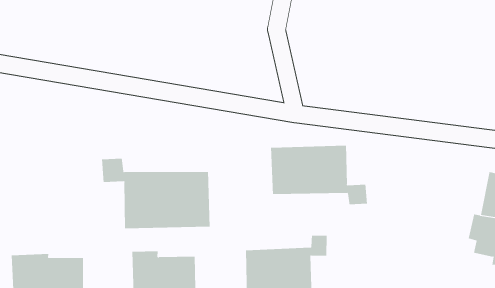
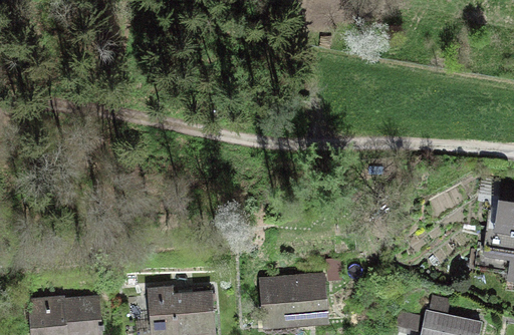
building: [271,145,367,205] -> none
building: [101,158,210,229] -> none

